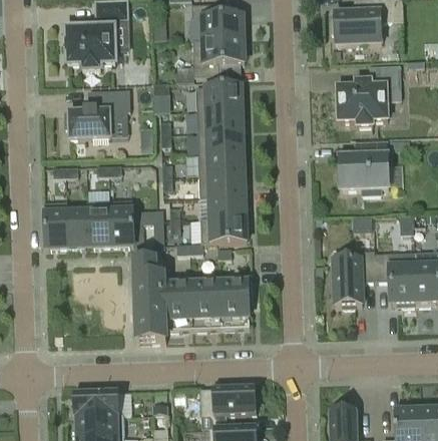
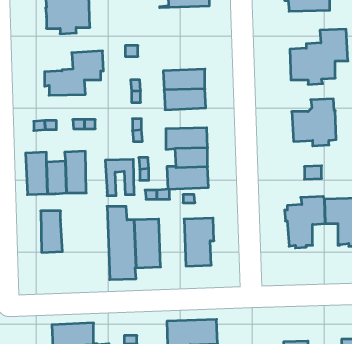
building: [192,39,249,77] -> none
building: [196,85,243,111] -> none
building: [198,152,245,175] -> none
building: [110,200,134,247] -> [41,211,62,252]
building: [191,276,222,329] -> none

